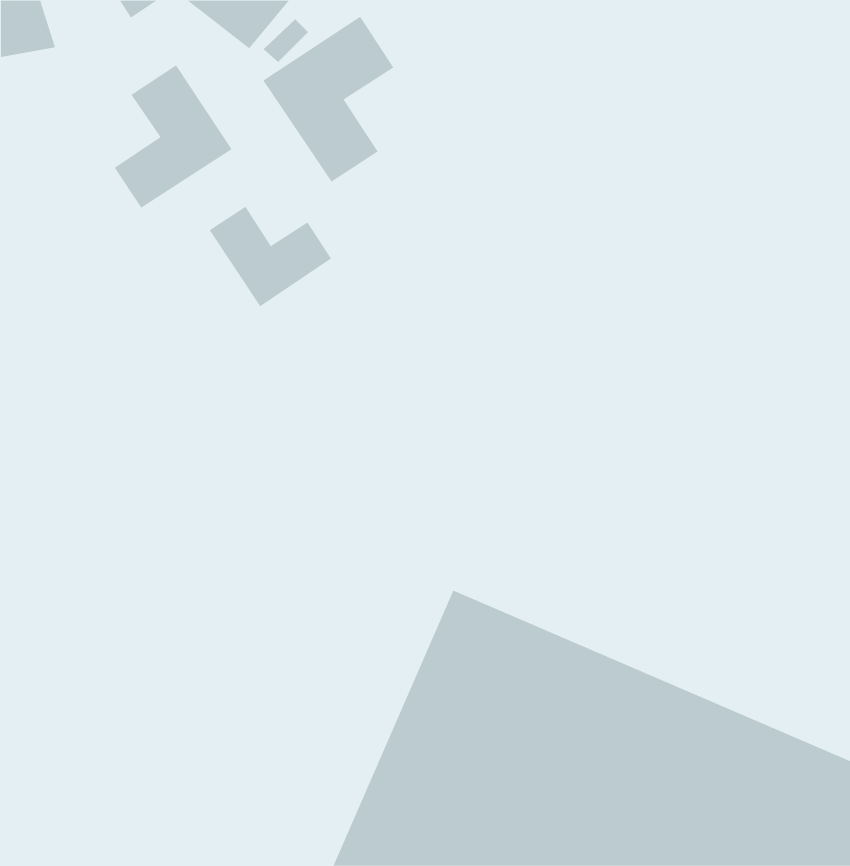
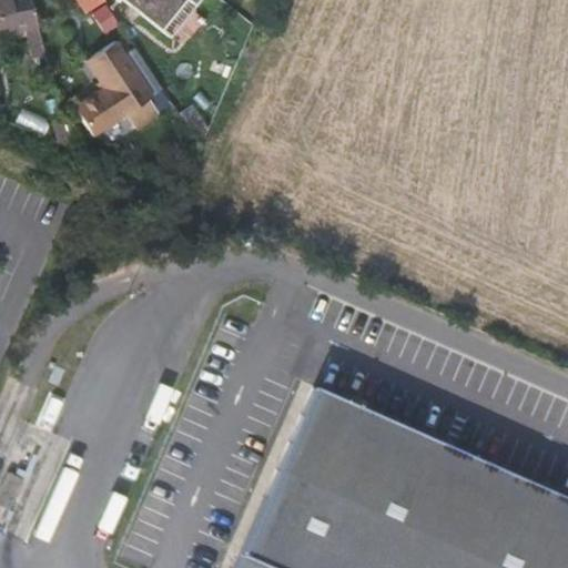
building: [263,16,394,183] -> none
building: [209,206,332,307] -> none

